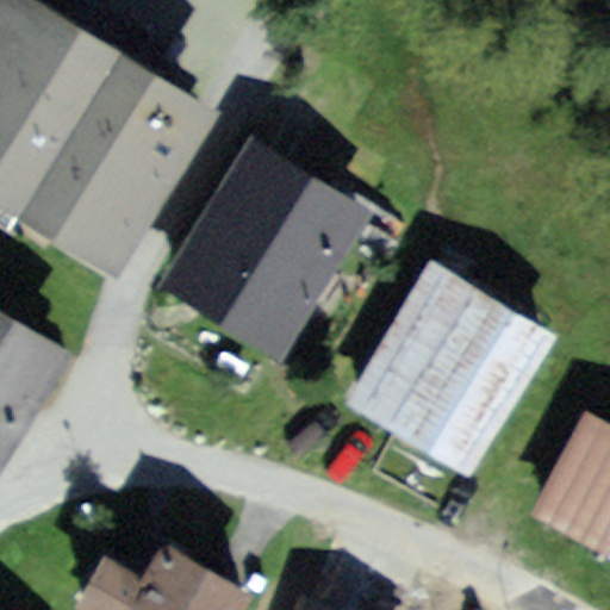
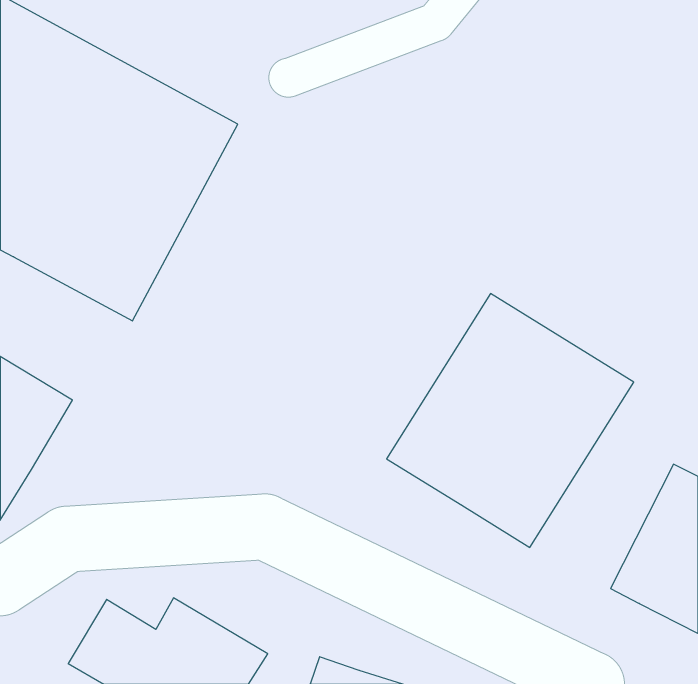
building: [167,148,381,371] -> none

